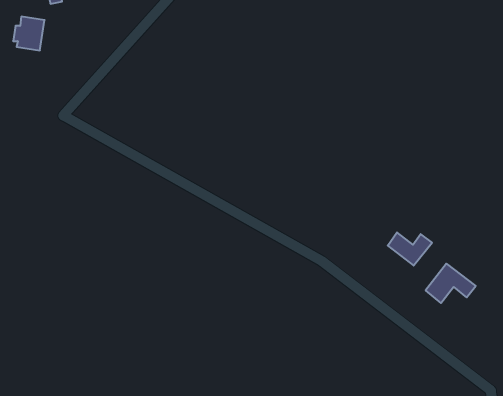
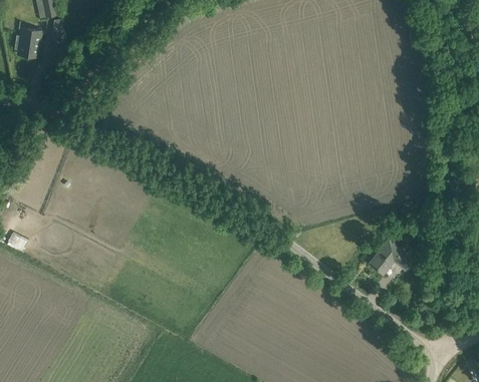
building: [388,232,432,266] -> none

